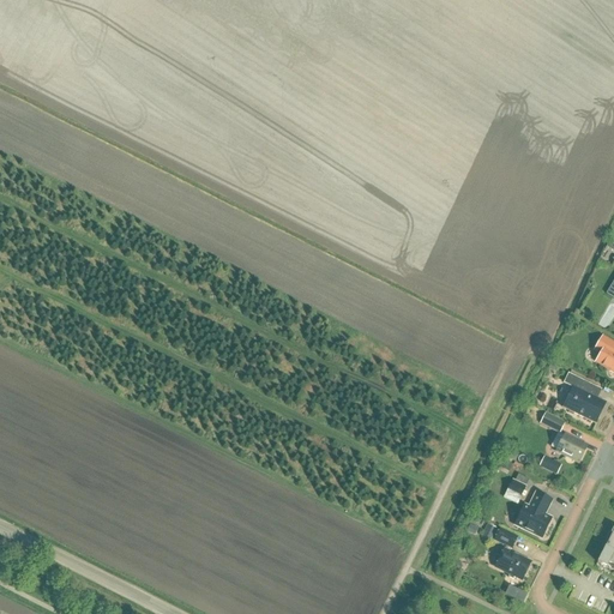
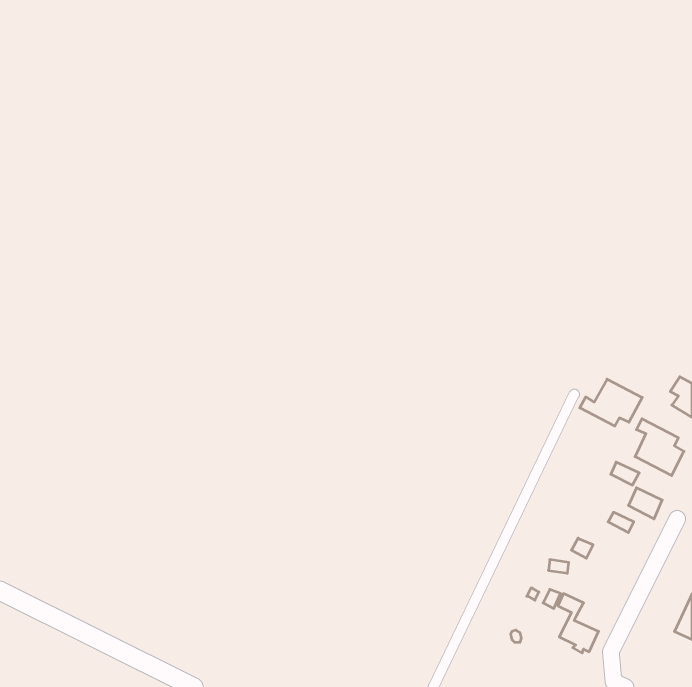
building: none -> [580,379,642,426]
building: [514,489,552,535] -> none

